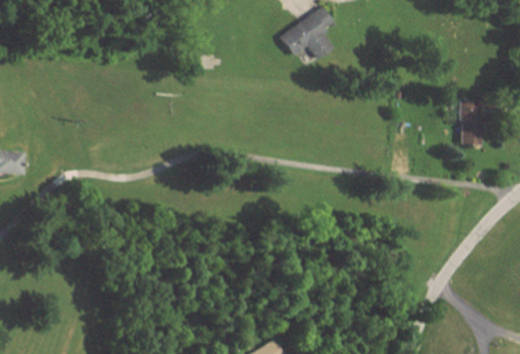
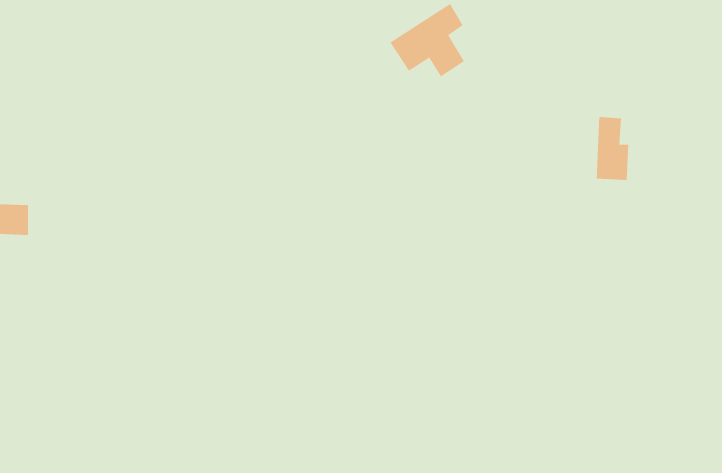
building: [460,101,484,146] -> [596,117,629,180]

